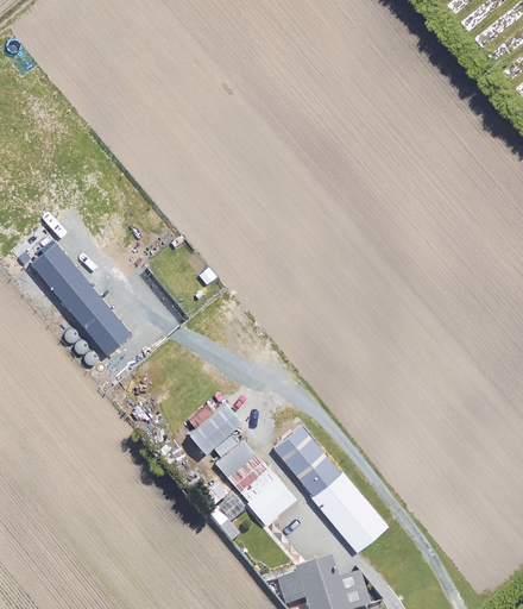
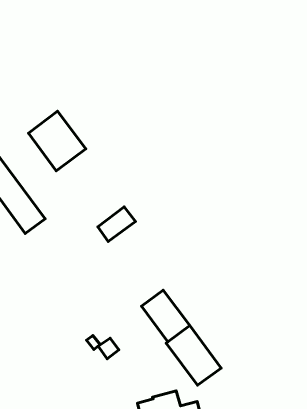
building: none -> [29,111,86,171]
building: [189,402,240,451] -> [98,207,136,241]
building: [215,438,294,523] -> none

